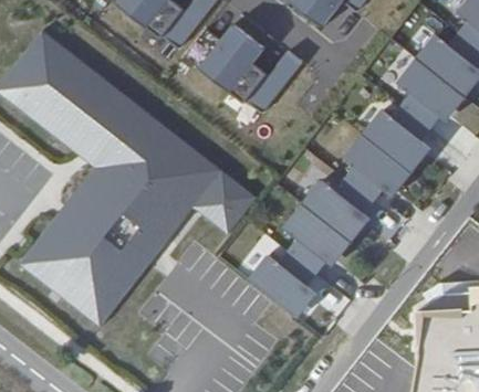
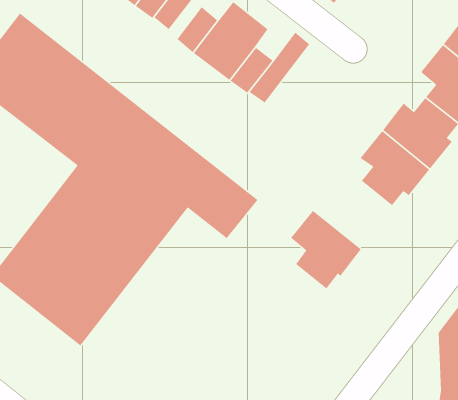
building: [304,180,374,240] -> none
building: [250,253,316,315] -> none

